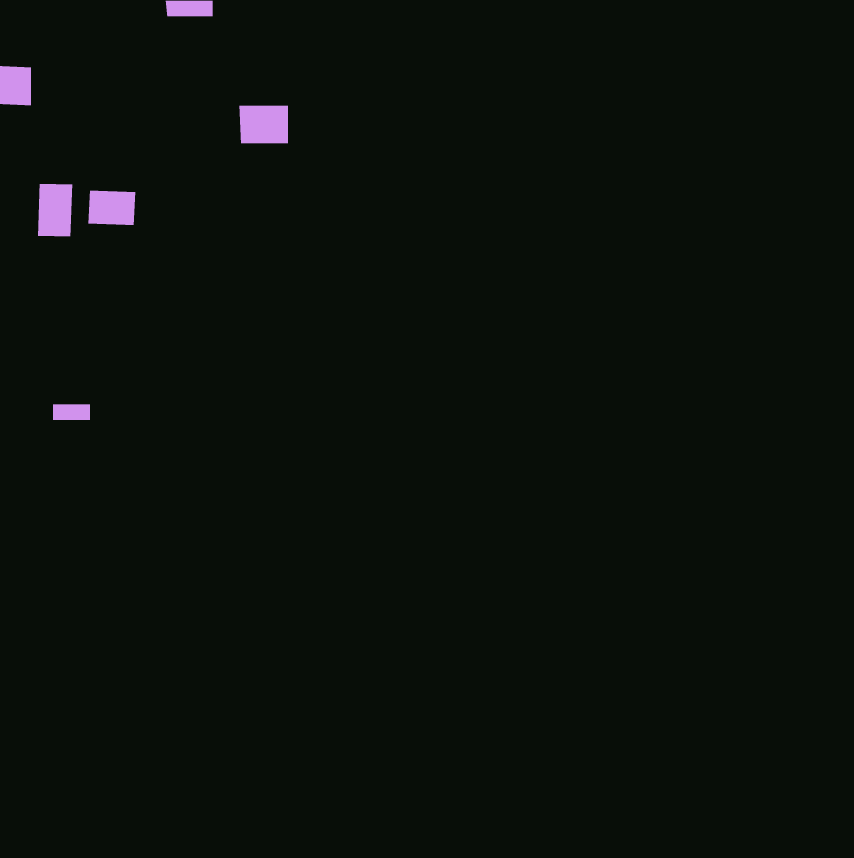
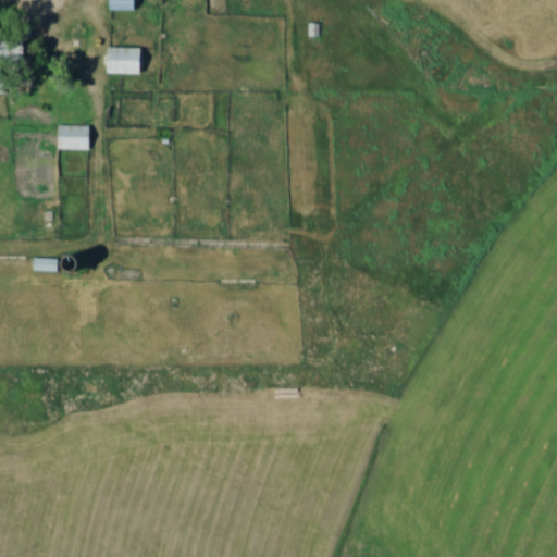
building: [239,105,289,144] -> [108,47,140,72]
building: [37,183,73,237] -> none

